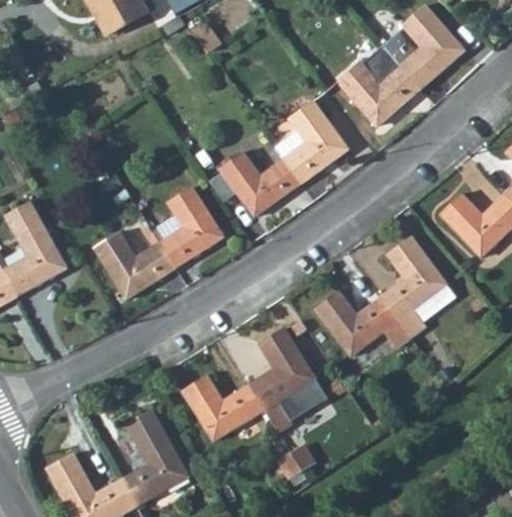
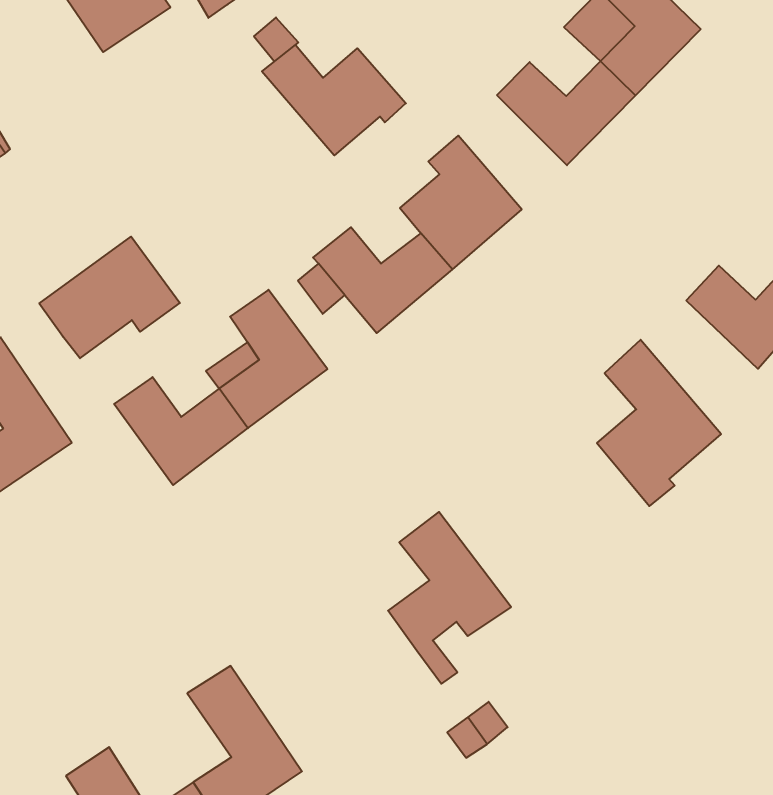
building: none -> [262,45,406,155]
building: [360,44,402,86] -> none
building: none -> [39,237,180,358]
building: [315,290,409,354] -> none
building: [182,376,263,441] -> none

